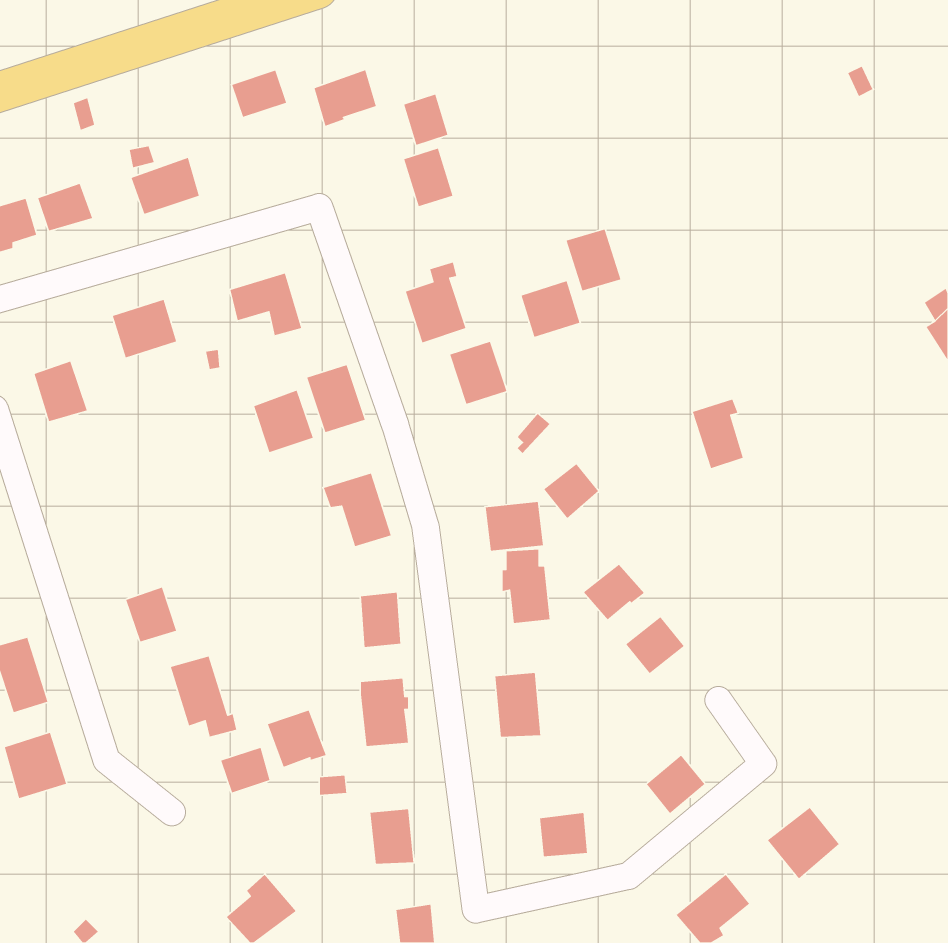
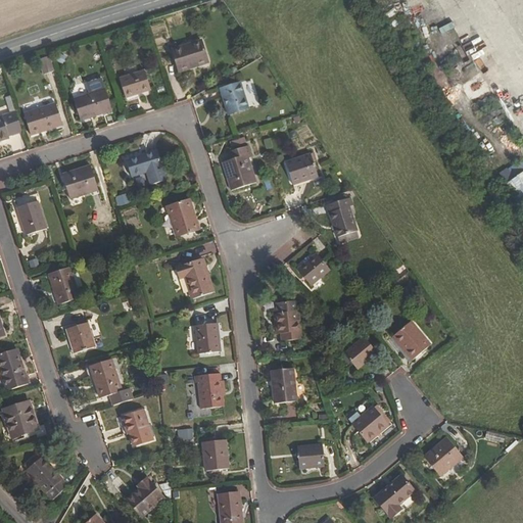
building: [231,69,287,118] -> [117,68,148,95]
building: [403,94,449,146] -> none
building: [565,229,622,291] -> none
building: [449,341,507,405] -> none
building: [253,389,314,453] -> none
building: [692,398,744,469] -> [329,198,358,237]
building: none -> [50,265,81,302]
building: [485,501,544,552] -> none
building: [583,564,645,621] -> none
building: none -> [391,322,428,360]
building: [267,710,327,768] -> none
building: none -> [23,456,64,498]

